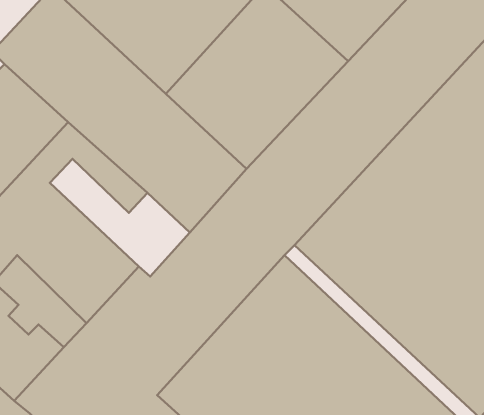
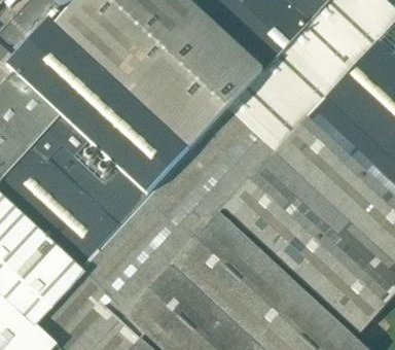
building: none -> [45,142,147,227]

